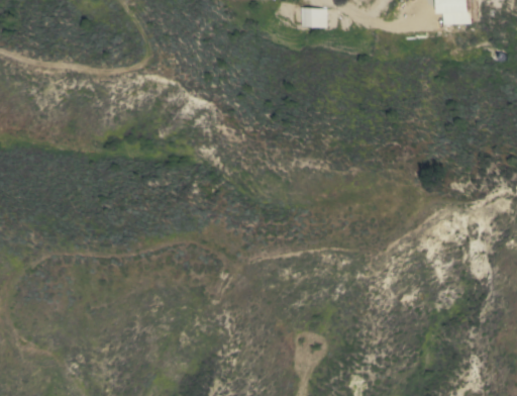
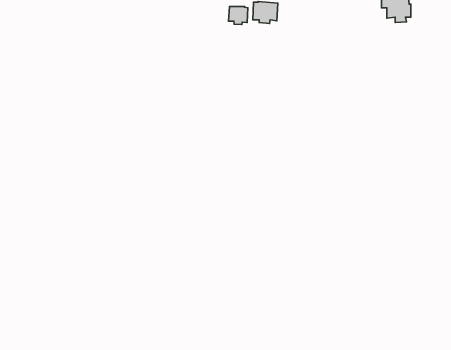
building: none -> [229,6,248,24]

